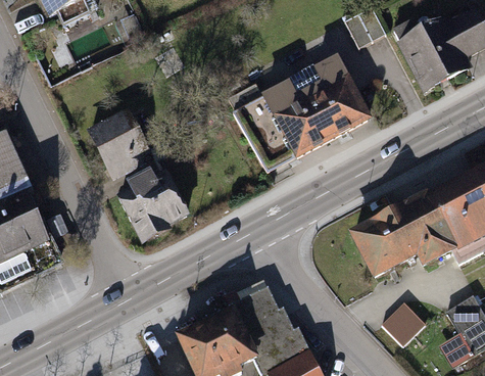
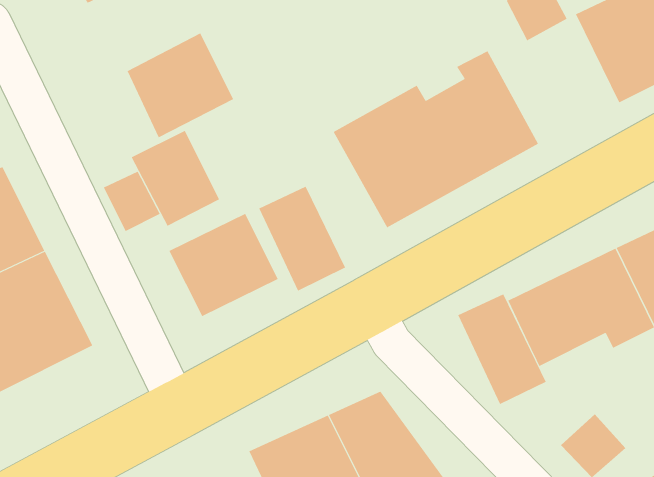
building: none -> [127,33,234,138]
building: none -> [103,171,161,232]
building: none -> [258,186,346,291]
building: none -> [458,294,546,405]

